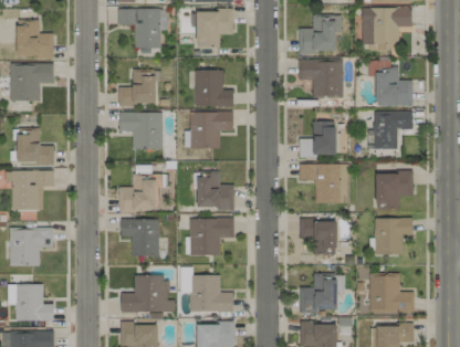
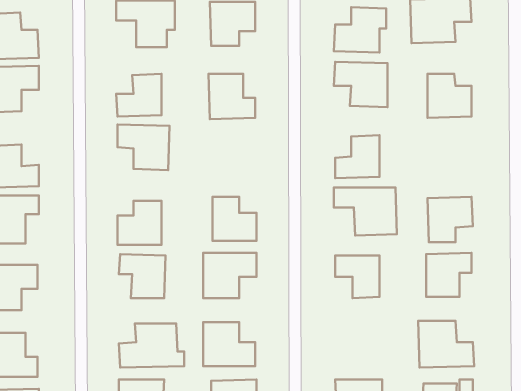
building: [374,111,412,148] -> none
building: [190,112,233,148] -> none
building: [300,274,336,312] -> none

